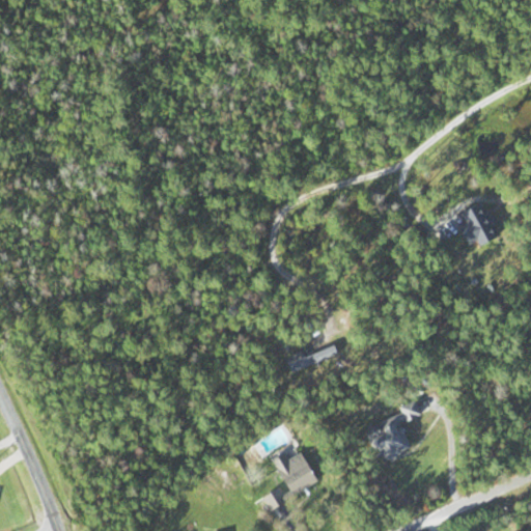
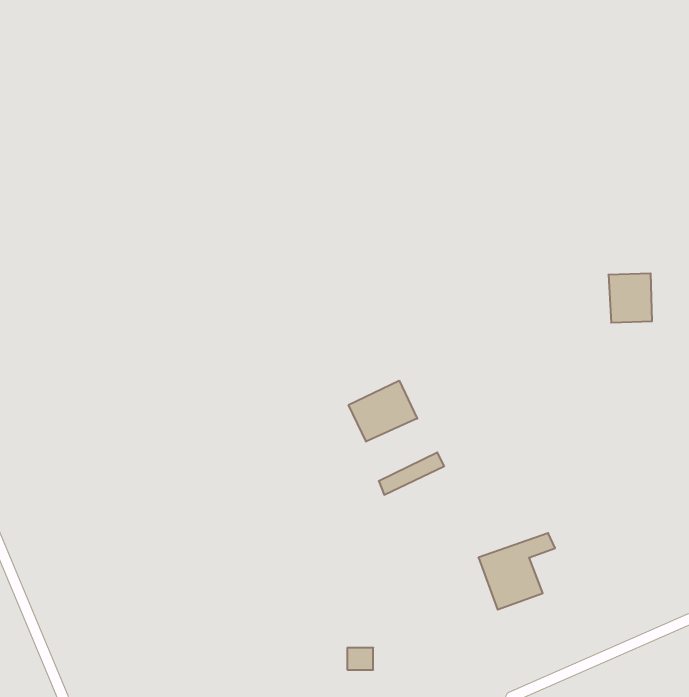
building: none -> [349,381,417,442]
building: [271,449,323,496] -> none

